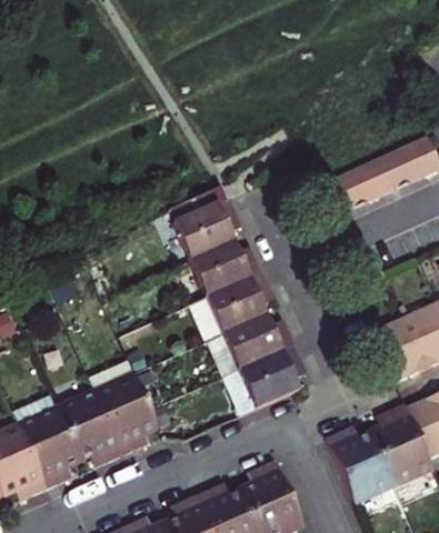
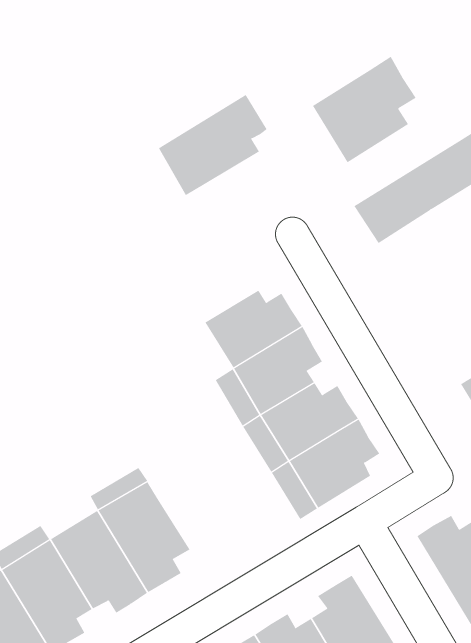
building: none -> [312,56,417,163]
building: [160,198,242,266] -> [158,94,267,196]

